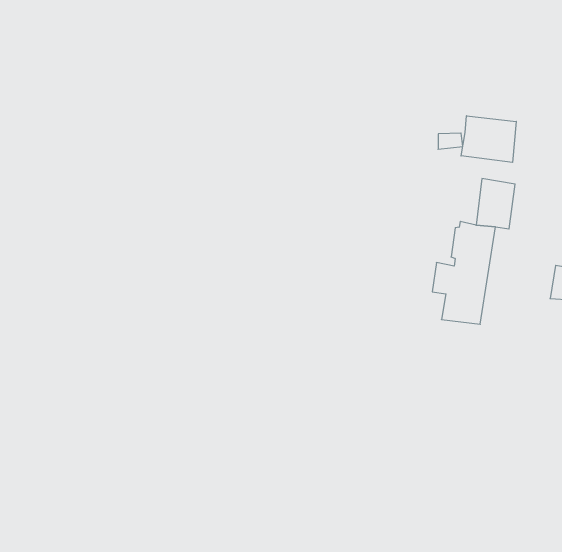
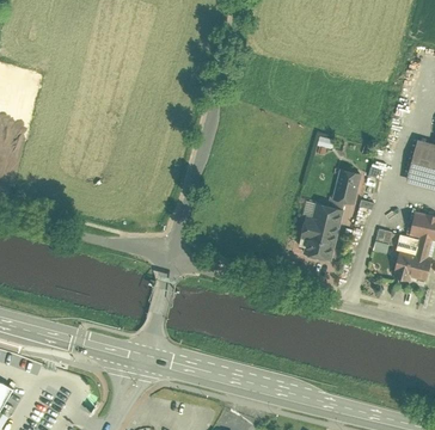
building: [461,116,516,162] -> none

